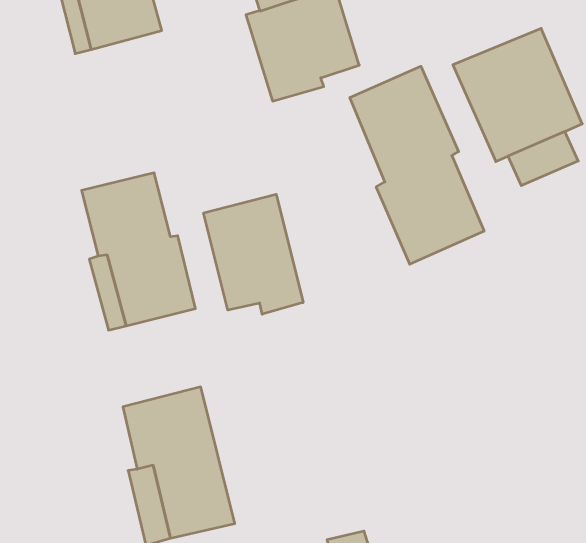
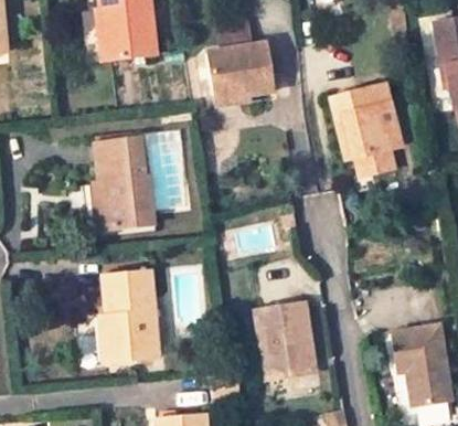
building: [350,66,484,264] -> none
building: [204,194,303,314] -> none
building: none -> [254,303,313,377]

